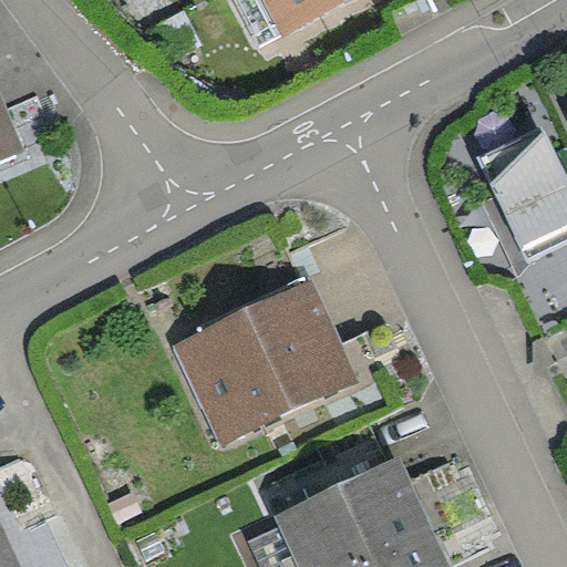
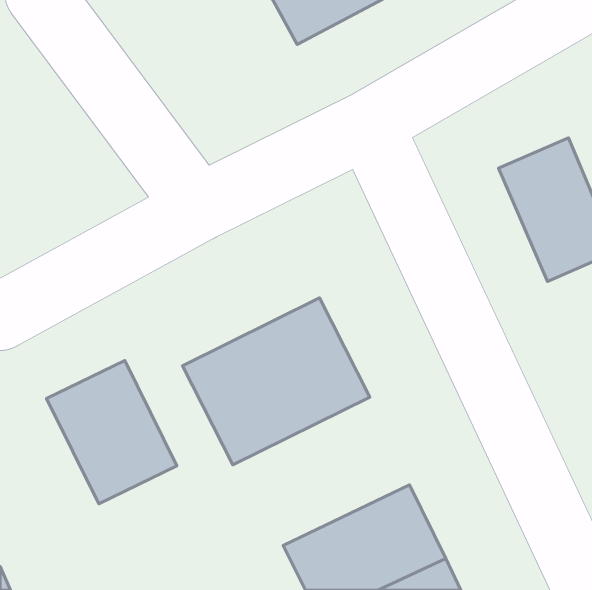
building: none -> [46,361,177,504]

